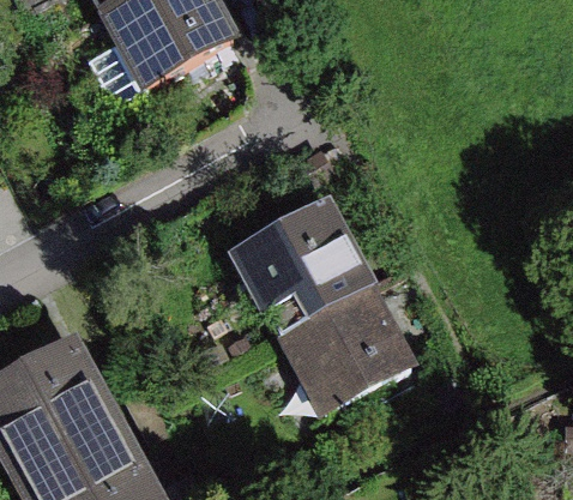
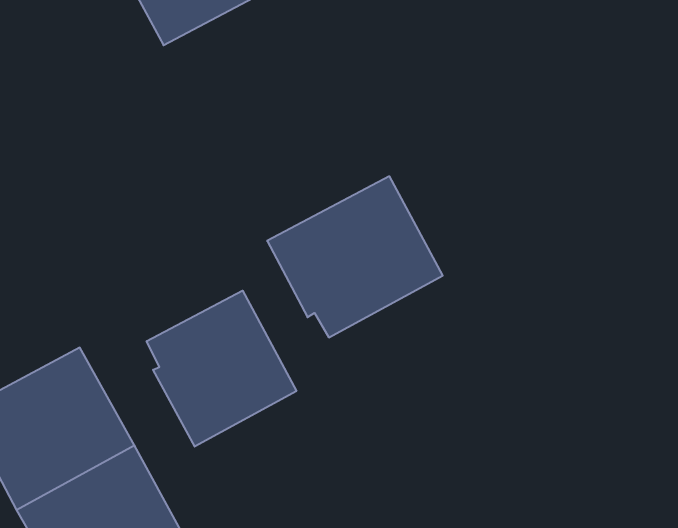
building: [278,281,418,415] -> none
building: none -> [147,291,296,447]

